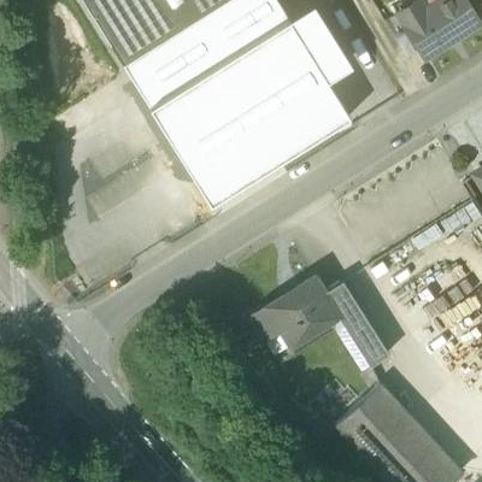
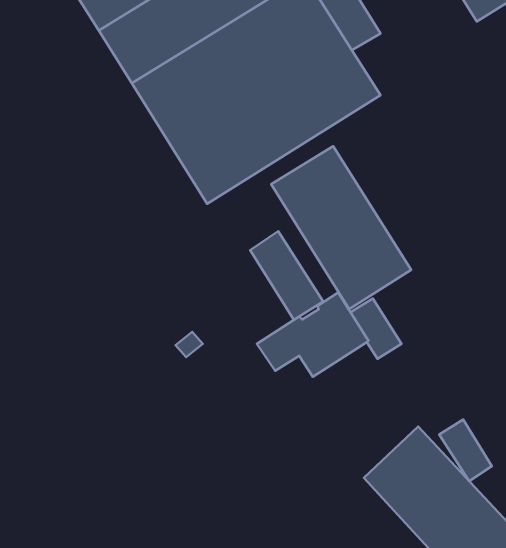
building: none -> [271,146,411,309]
building: none -> [250,231,323,320]
building: [346,316,388,365] -> [439,420,492,481]

